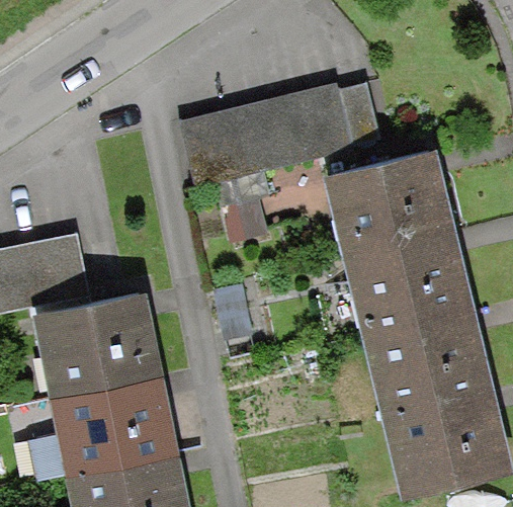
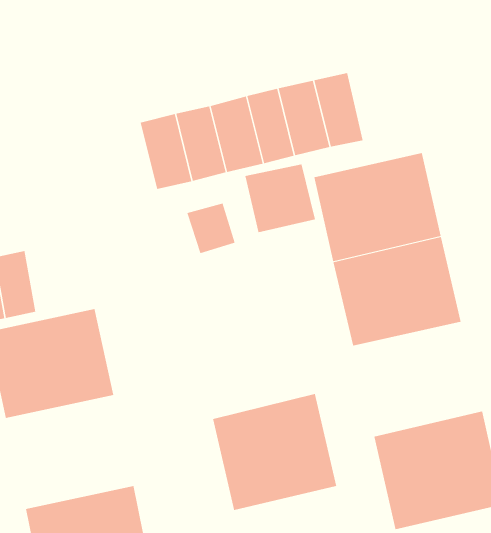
building: [371,305,490,409] -> none
building: none -> [212,393,337,511]
building: [56,371,173,475] -> none

